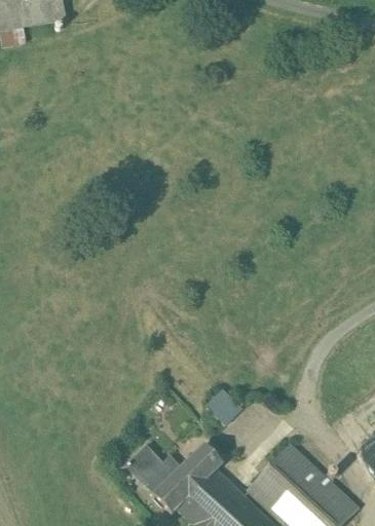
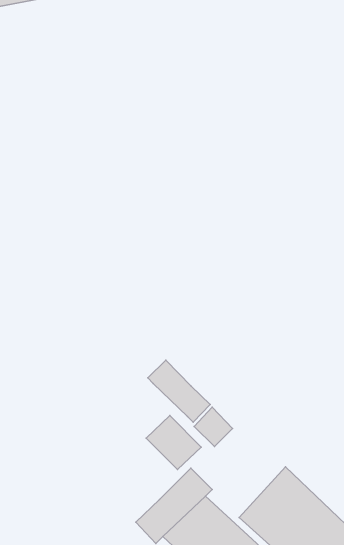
building: none -> [148,360,210,422]
building: [125,445,176,494] -> [146,416,201,470]

